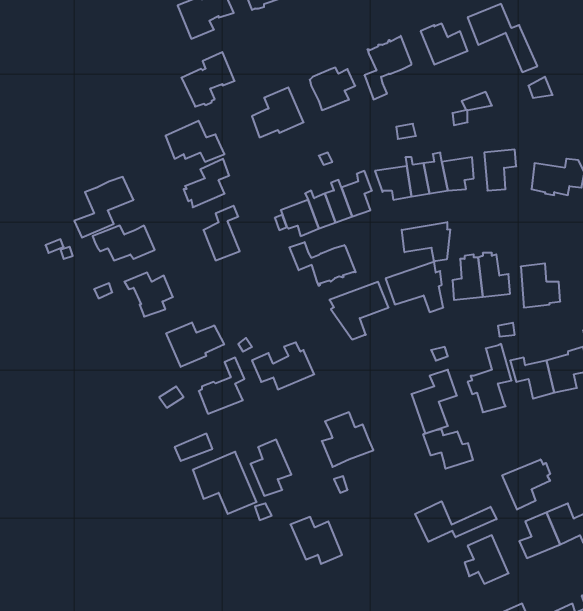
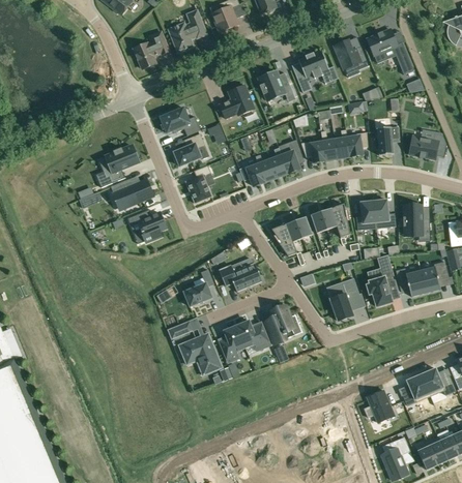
building: [181,52,235,107] -> [133,31,169,68]
building: [402,222,450,262] -> none
building: [289,242,356,286] -> none
building: [166,322,224,367] -> none
building: [423,429,473,469] -> none
building: [502,459,550,510] -> none
building: [415,501,497,542] -> none
building: [290,517,342,564] -> [235,320,270,352]

